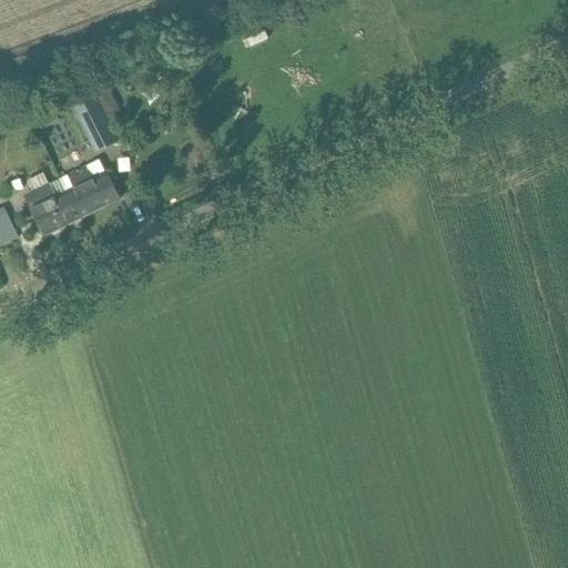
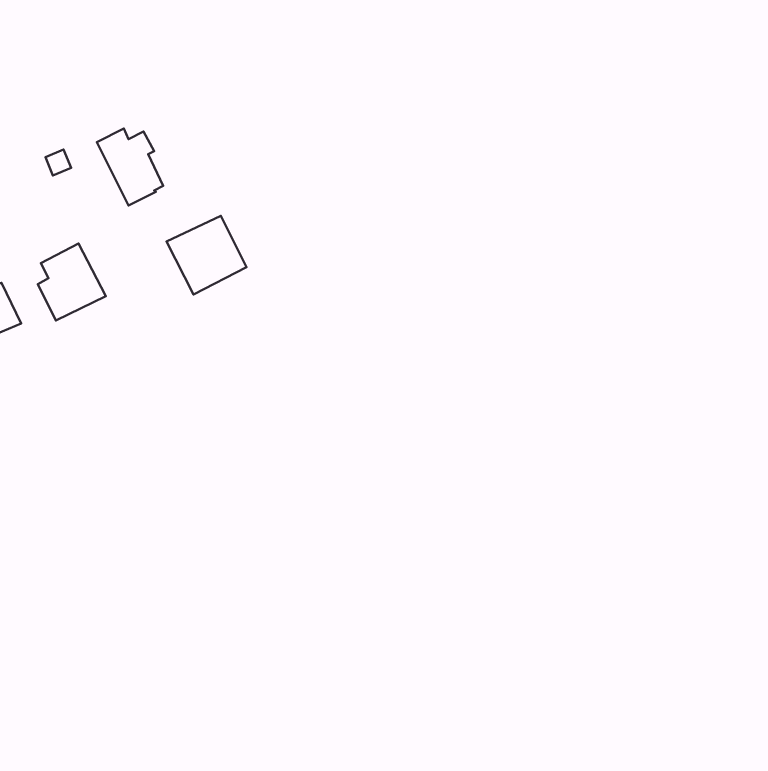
building: [58,161,116,219] -> [166,216,246,294]

